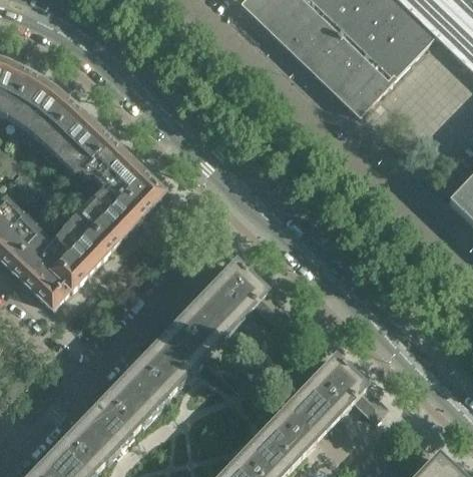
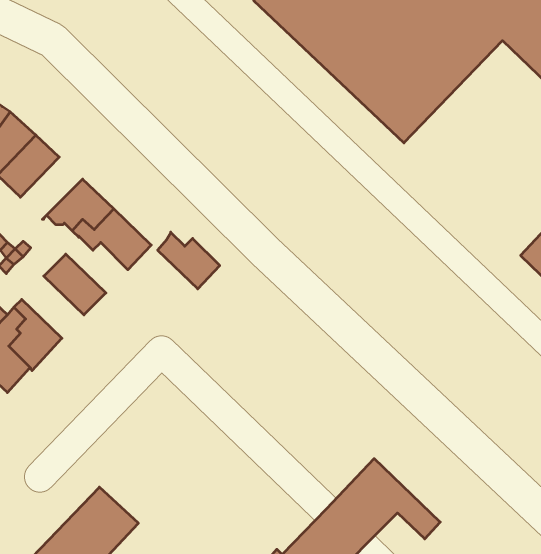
building: [61,124,109,172] -> none
building: [96,185,144,229] -> [158,232,220,289]
building: [62,216,110,265] -> none
building: [122,262,286,408] -> none

